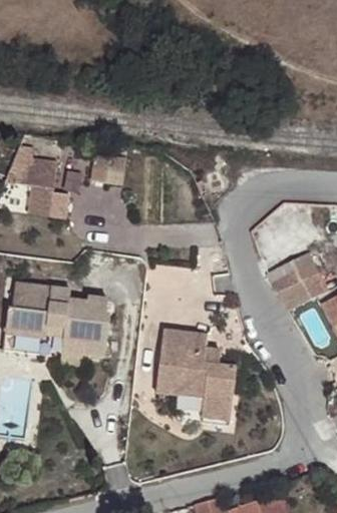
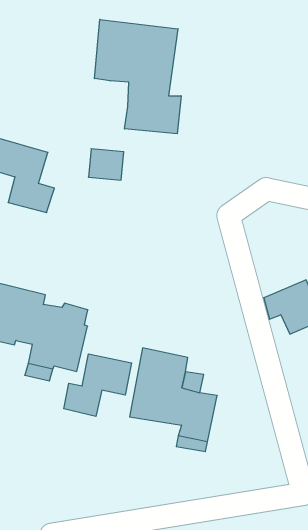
building: none -> [95,19,181,134]
building: none -> [64,354,132,416]

